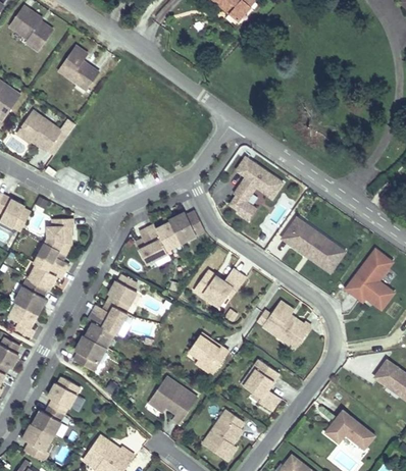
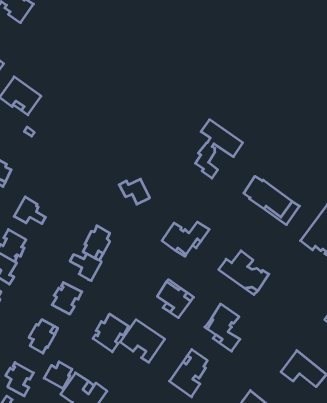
building: [59,46,100,87] -> none
building: [171,211,206,243] -> none
building: [45,218,71,255] -> none
building: [140,228,169,263] -> none
building: [27,264,63,290] -> none
building: [87,312,114,346] -> none
building: none -> [93,314,129,352]
building: [34,405,64,434] -> [44,362,72,389]

